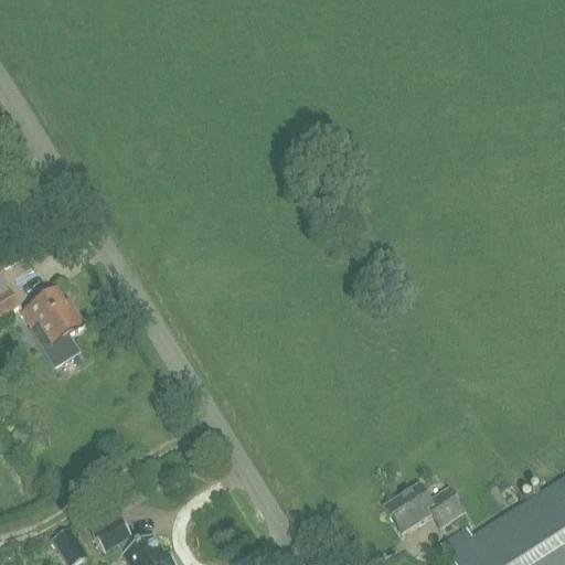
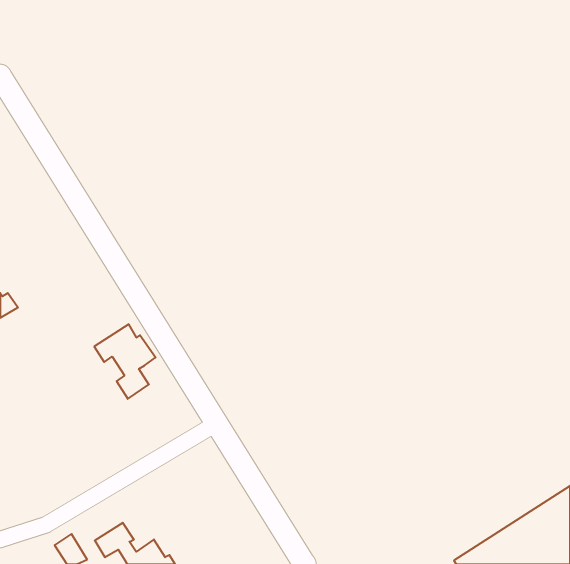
building: [22,290,83,364] -> [94,324,156,399]
building: [384,484,463,533] -> none

